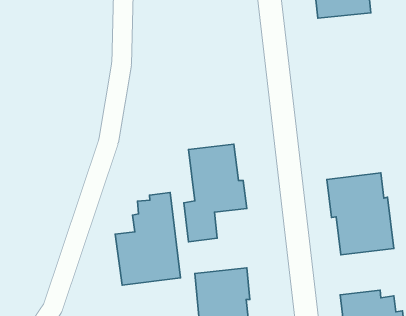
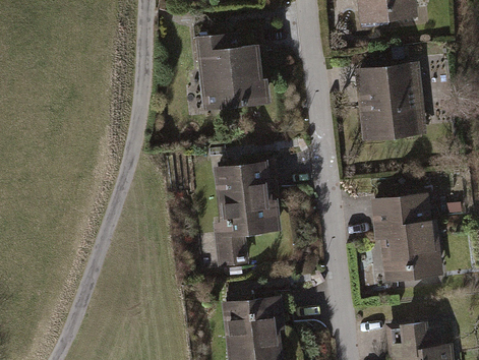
building: none -> [192,31,270,111]
building: none -> [353,62,426,142]
building: [115,192,181,285] -> none

